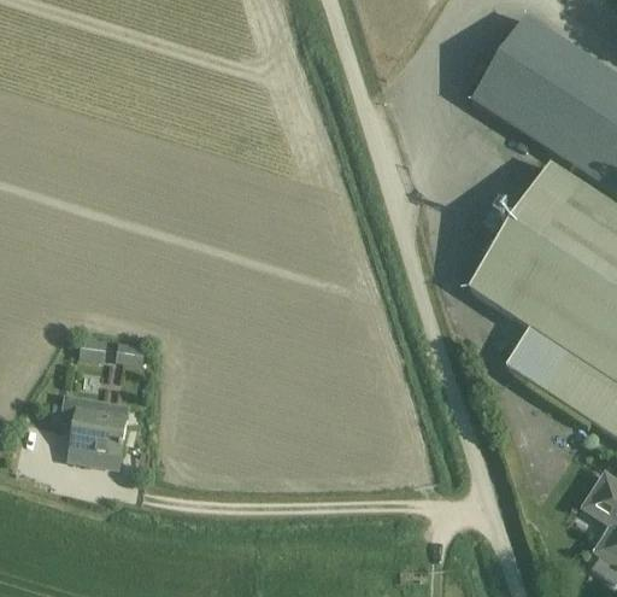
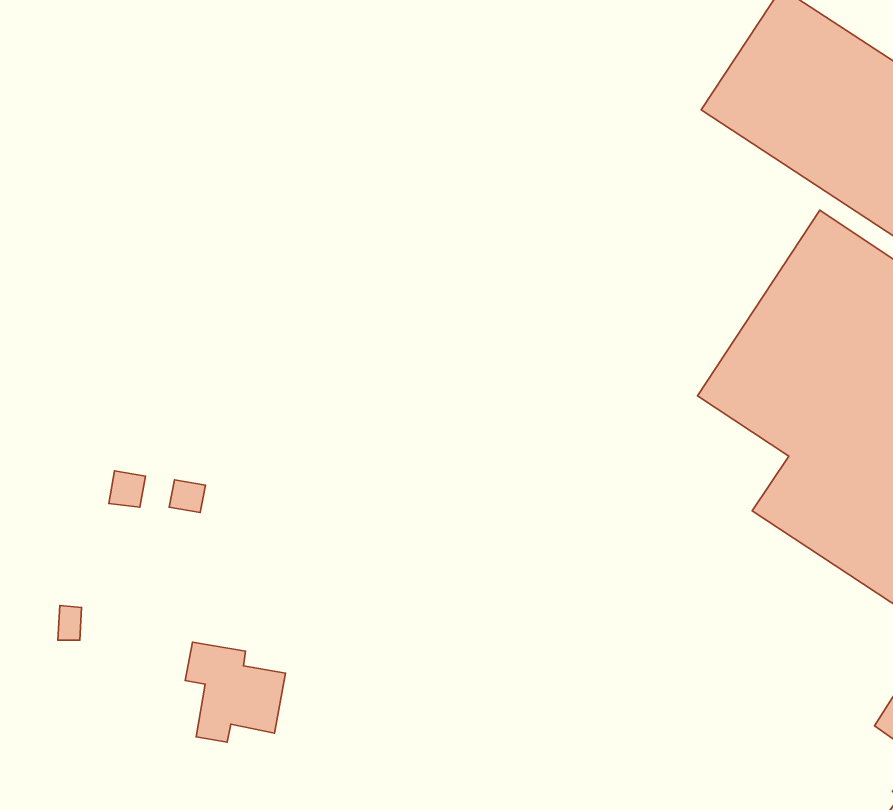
building: [61,393,128,460] -> [185,642,286,742]

